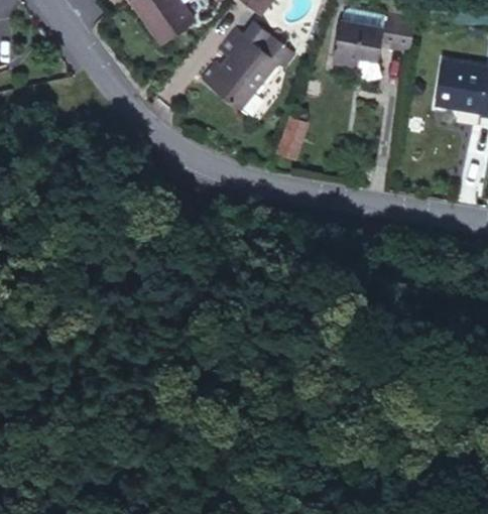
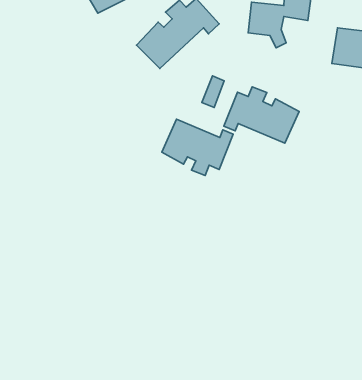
building: none -> [224,87,299,143]
building: none -> [162,119,233,175]

